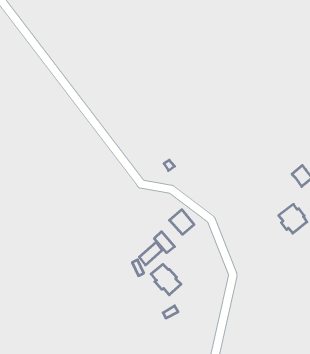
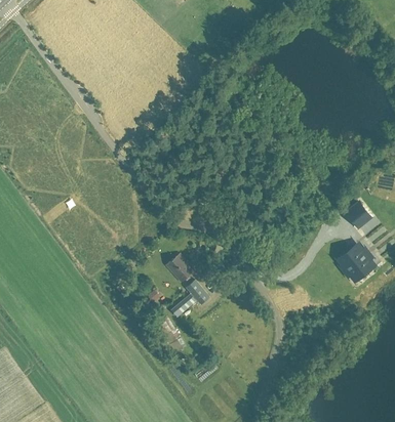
building: [169,210,194,234] -> [168,252,197,281]
building: [151,264,181,295] -> none

